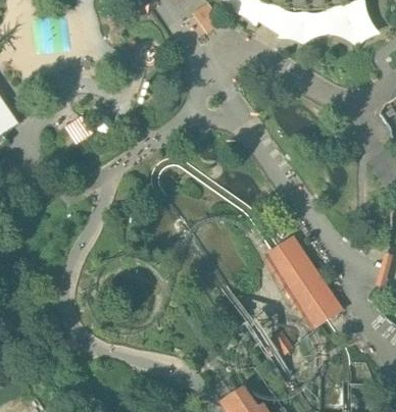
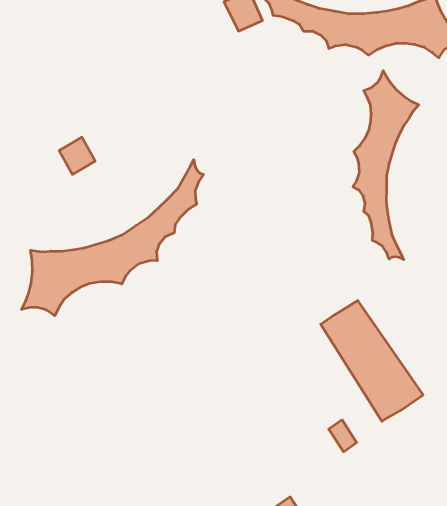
building: none -> [353,71,419,260]
building: none -> [22,160,203,316]

